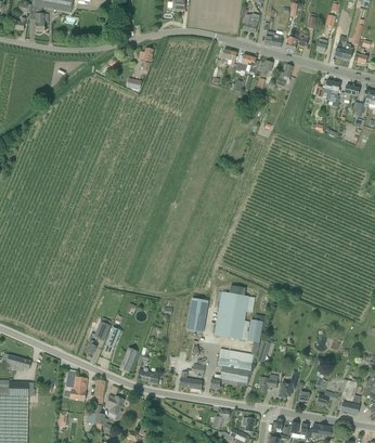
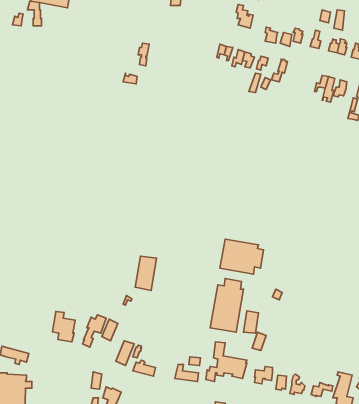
building: none -> [220,239,263,274]
building: [186,298,208,333] -> [135,256,157,290]
building: [65,369,88,400] -> [53,312,75,342]

